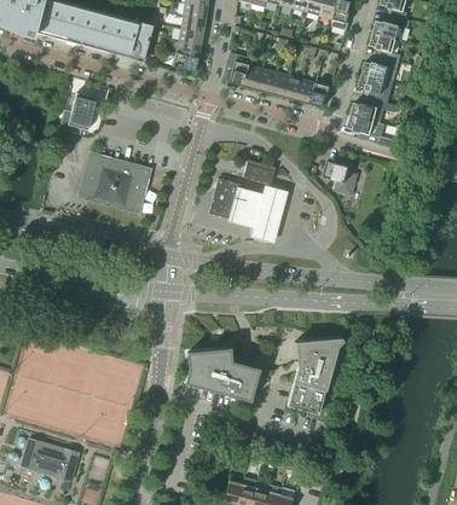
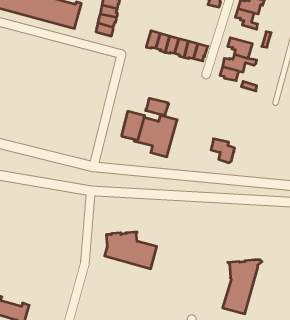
building: [225,52,253,85] -> none
building: [363,56,400,82] -> none
building: [68,92,97,129] -> none
building: [80,153,150,211] -> none
building: [324,161,358,195] -> [211,139,235,163]
building: [287,338,342,414] -> [223,260,262,314]

